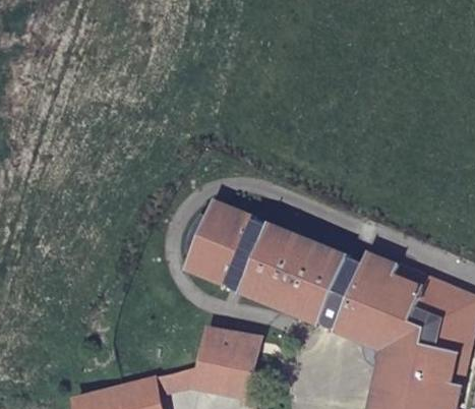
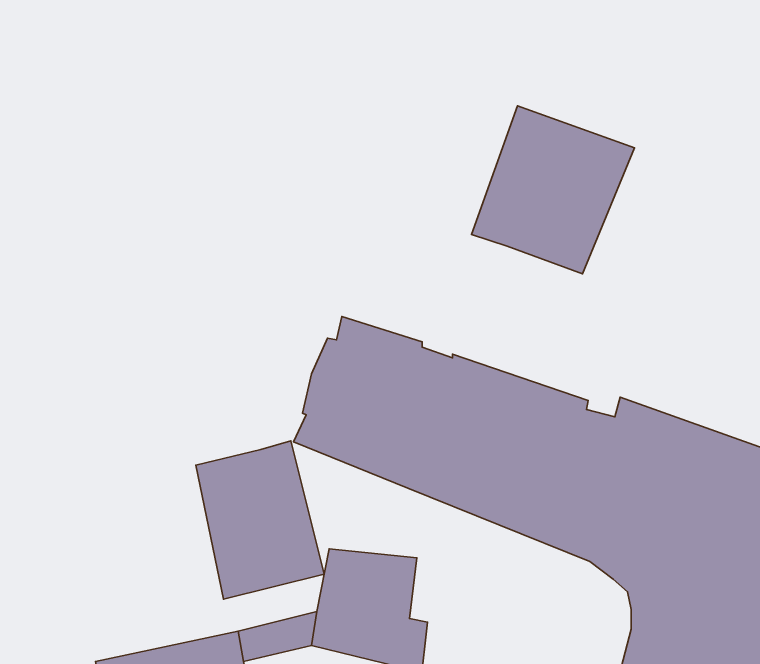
building: none -> [472,106,635,274]
building: none -> [196,441,324,599]

